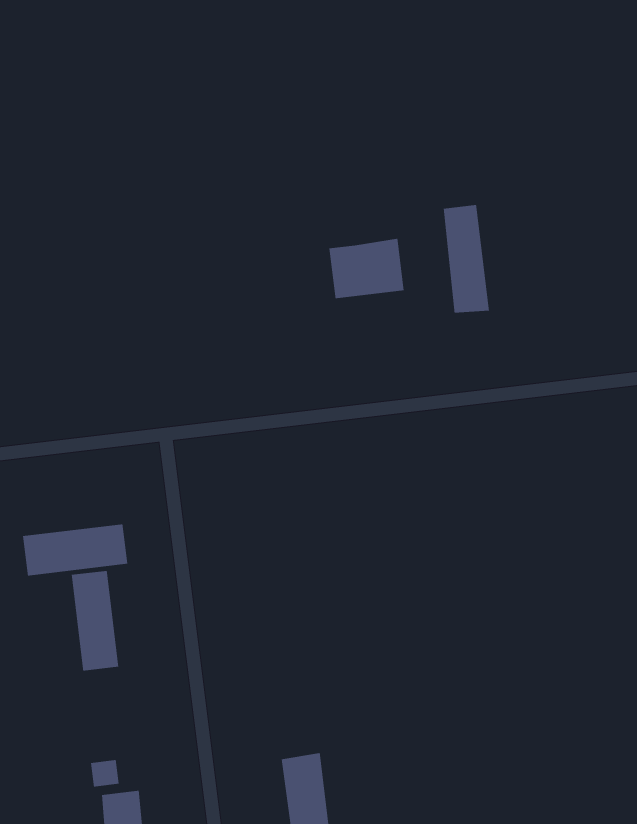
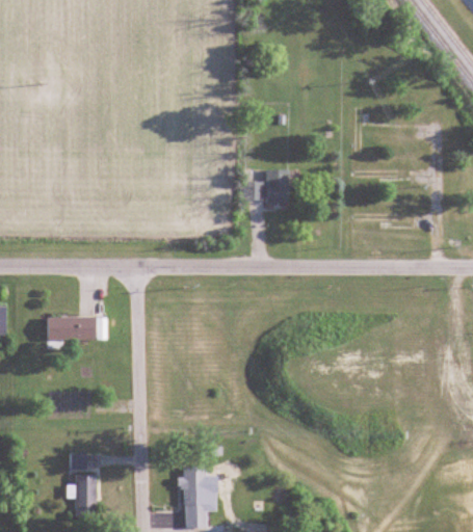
building: [443,204,490,314] -> none
building: [71,570,119,671] -> none

